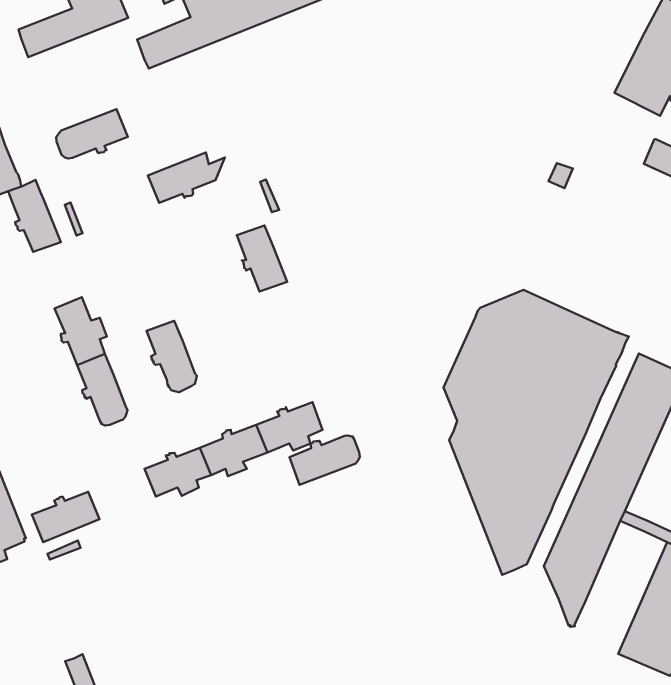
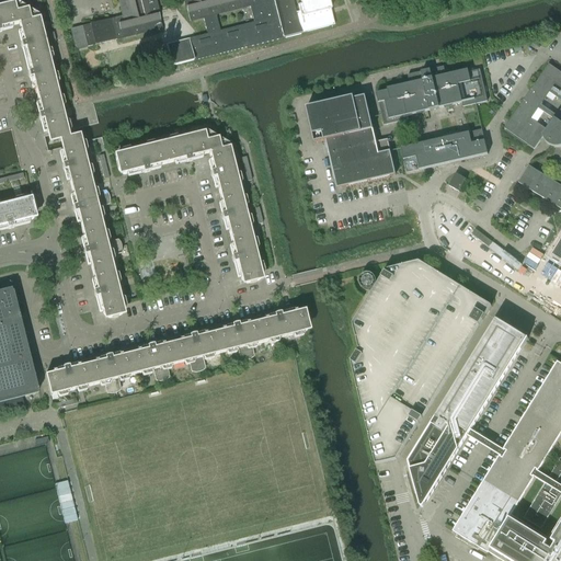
building: none -> [376,64,488,123]
building: none -> [306,91,396,185]
building: none -> [401,127,488,170]
building: [56,109,128,158] -> [115,140,167,171]
building: none -> [209,135,240,192]
building: none -> [71,180,104,227]
building: [146,321,197,392] -> [230,230,262,282]
building: [290,435,360,485] -> [257,309,308,340]
building: none -> [88,351,136,386]

